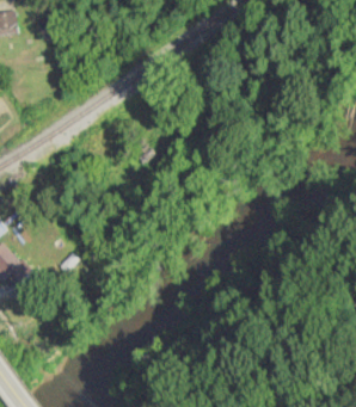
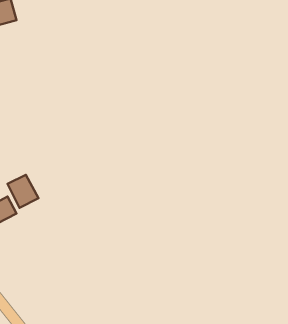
building: none -> [7,175,39,208]

